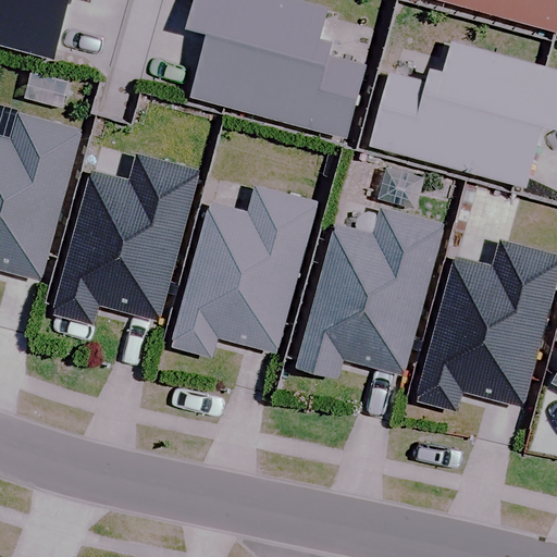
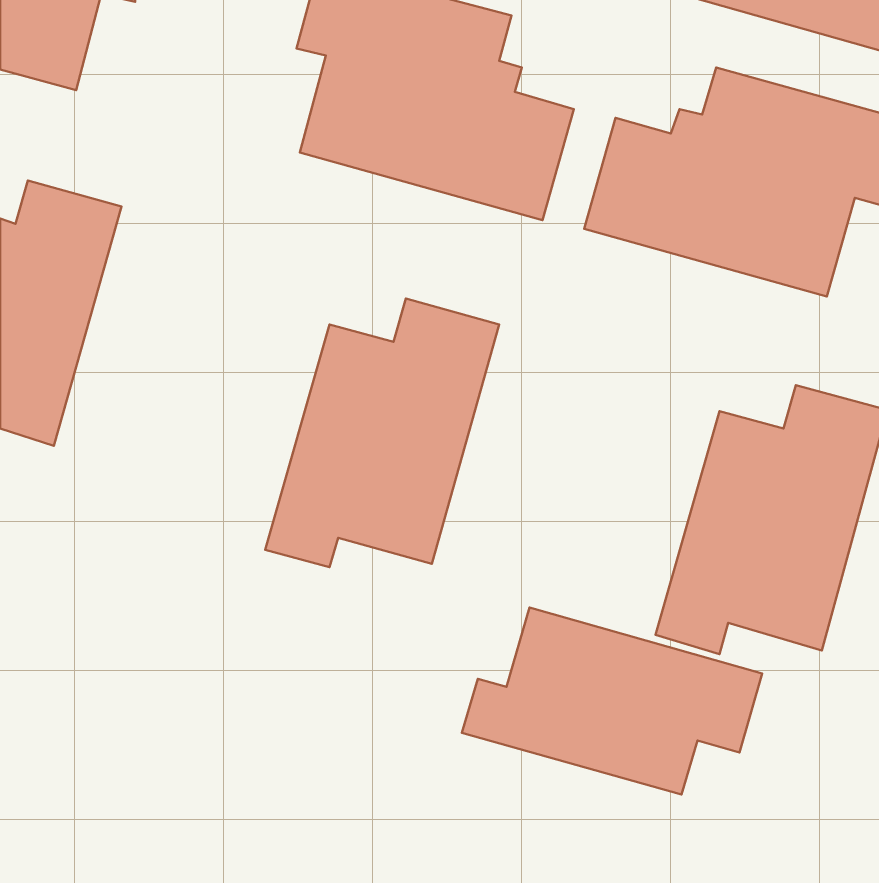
building: [51,152,198,321] -> none
building: [297,208,444,376] -> none
building: none -> [462,608,762,795]

